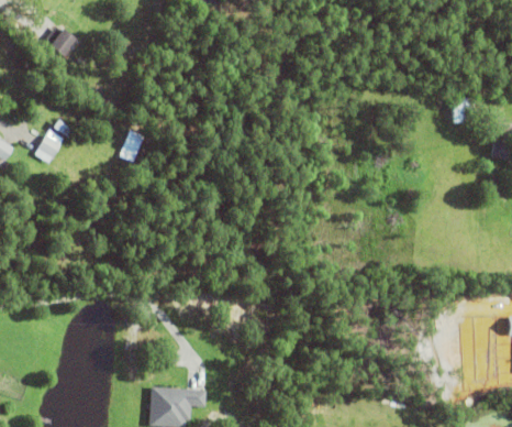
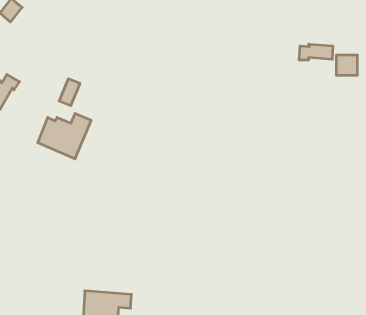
building: none -> [299,44,333,60]
building: none -> [38,113,91,159]

